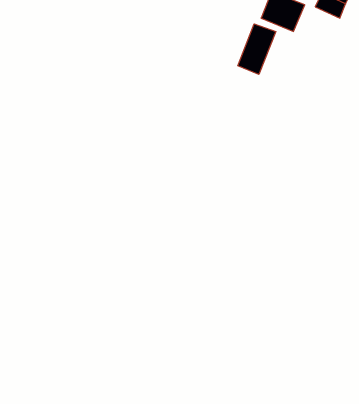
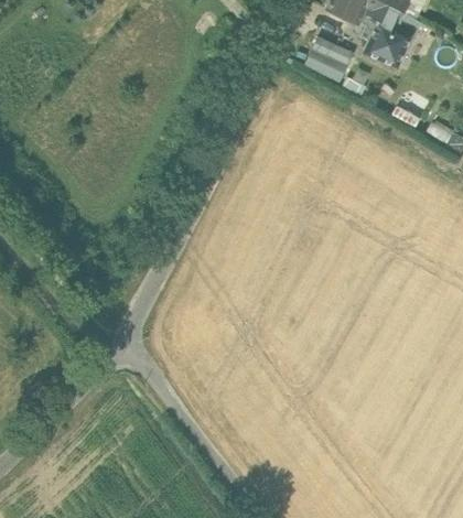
building: [238,24,276,74] -> none

